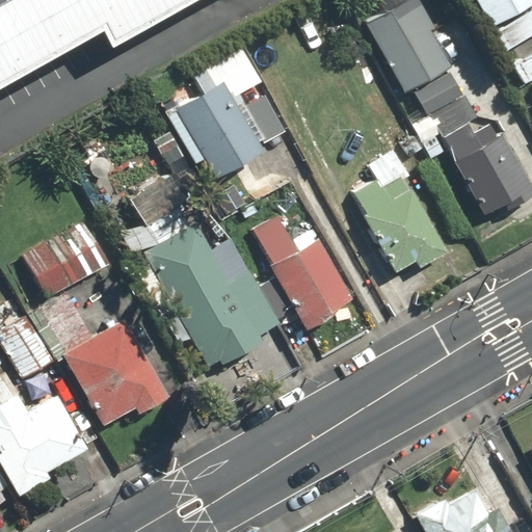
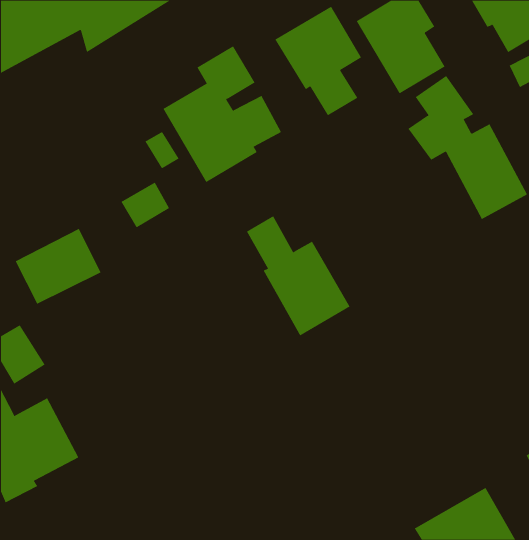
building: none -> [275,6,362,116]
building: [352,172,448,272] -> none
building: [137,209,292,368] -> none
building: [60,317,172,427] -> none

